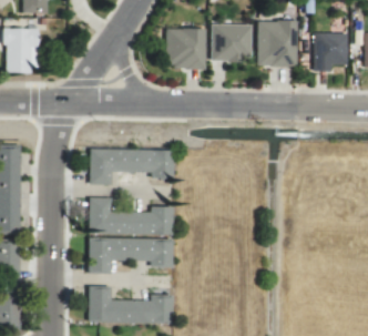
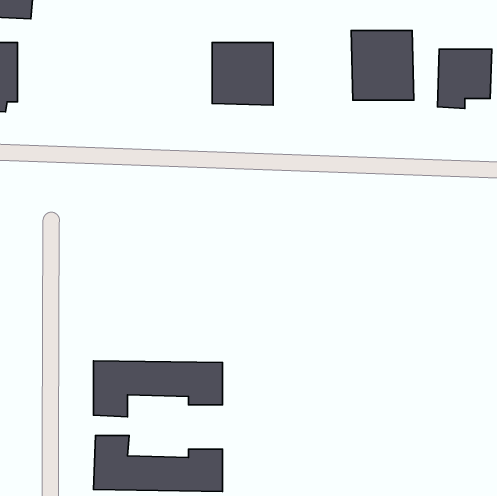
building: [211,24,253,62] -> none
building: [90,147,174,184] -> none
building: [90,197,174,235] -> none

